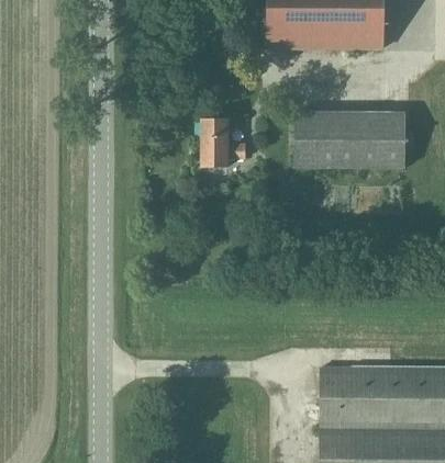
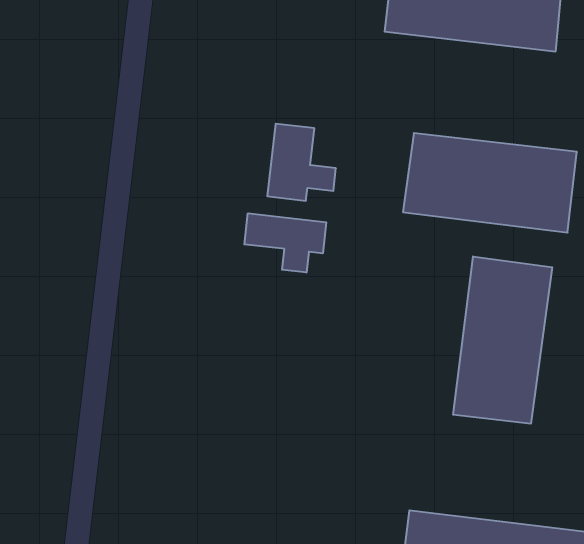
building: none -> [244,213,326,273]
building: none -> [453,256,552,424]

